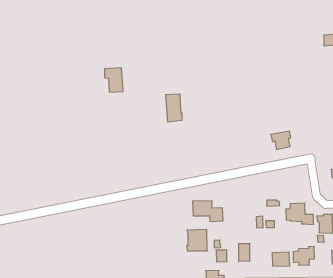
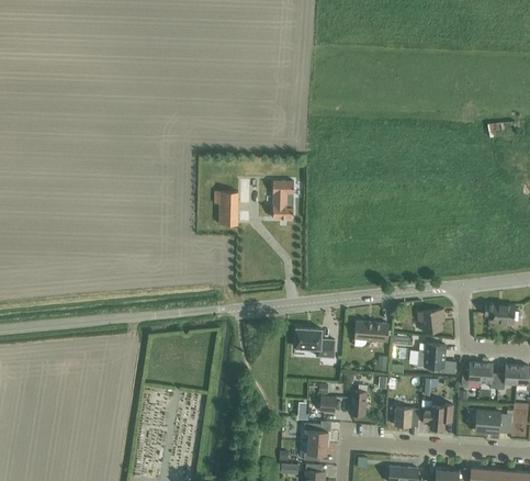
building: [104,68,123,92] -> [213,191,237,224]
building: [271,131,291,150] -> [417,310,443,333]
building: none -> [353,321,388,347]
building: [187,229,207,251] -> none

